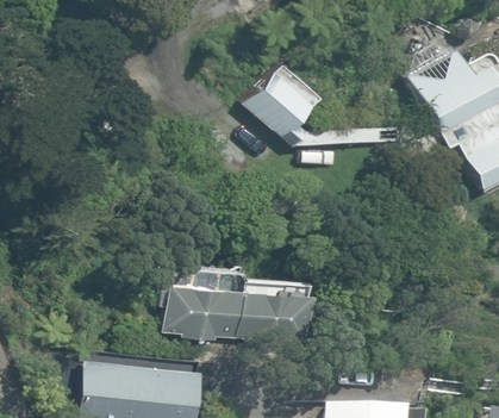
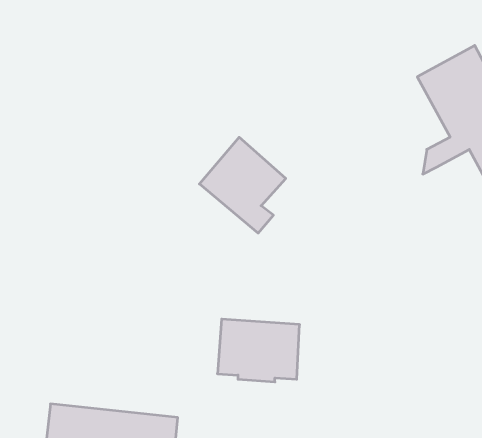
building: [248,62,323,145] -> [199,137,286,233]
building: [167,282,241,337] -> none

